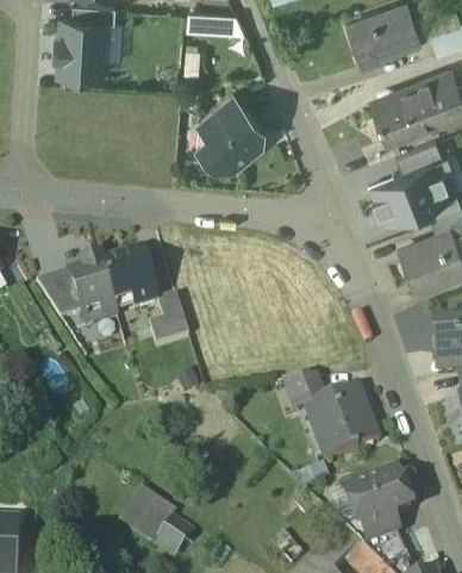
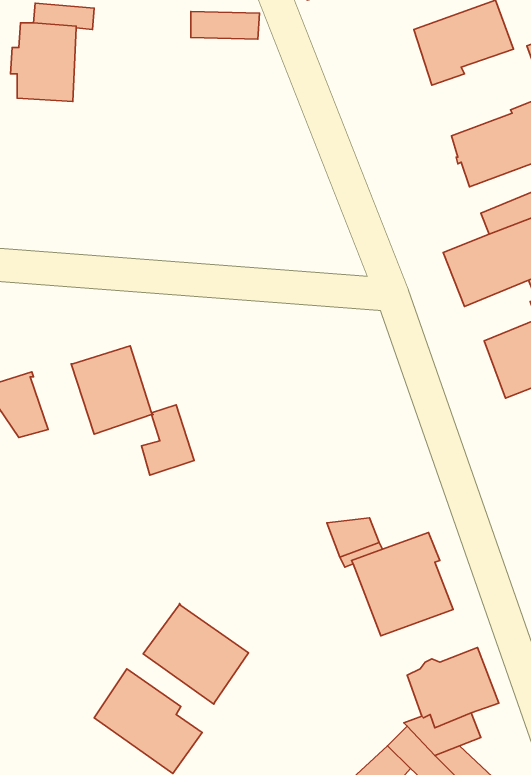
building: [196,93,262,166] -> none
building: [69,261,115,325] -> none
building: none -> [143,603,249,704]

